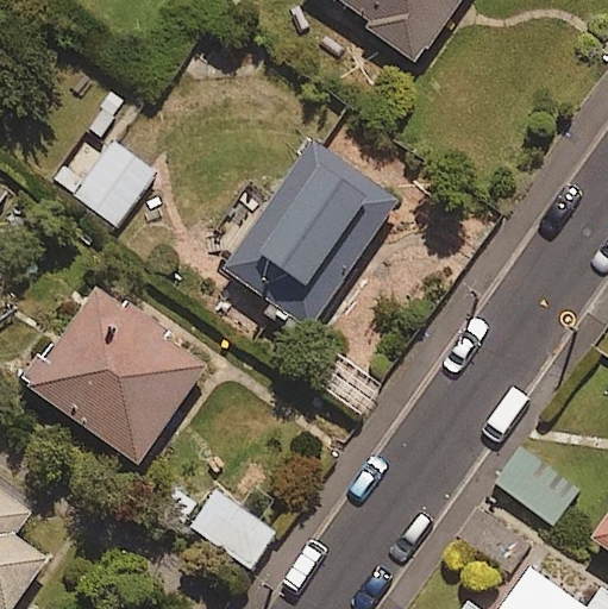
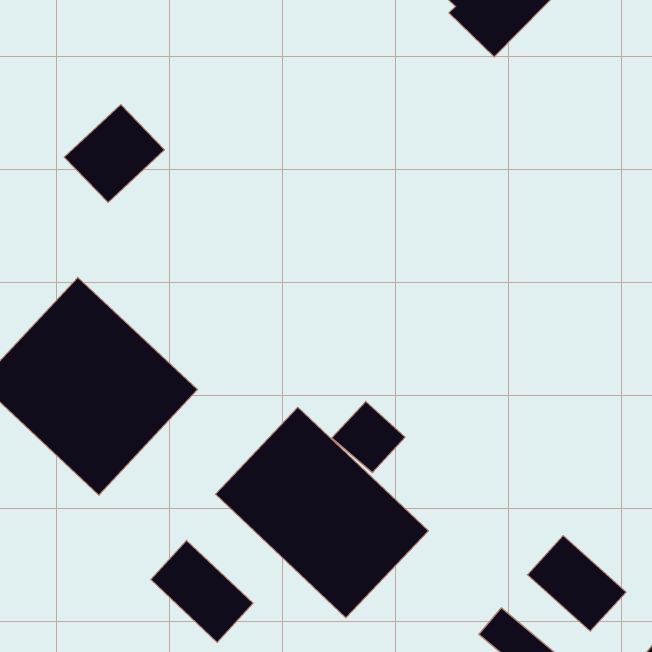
building: [225,150,395,331] -> none
building: none -> [215,407,428,618]

